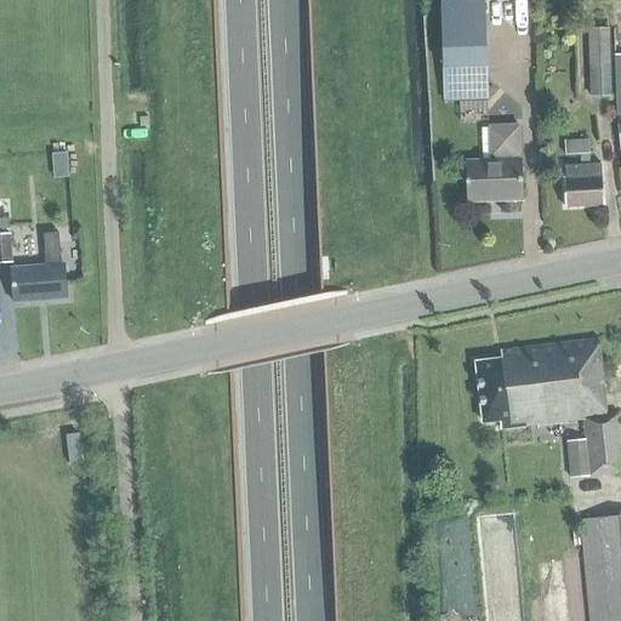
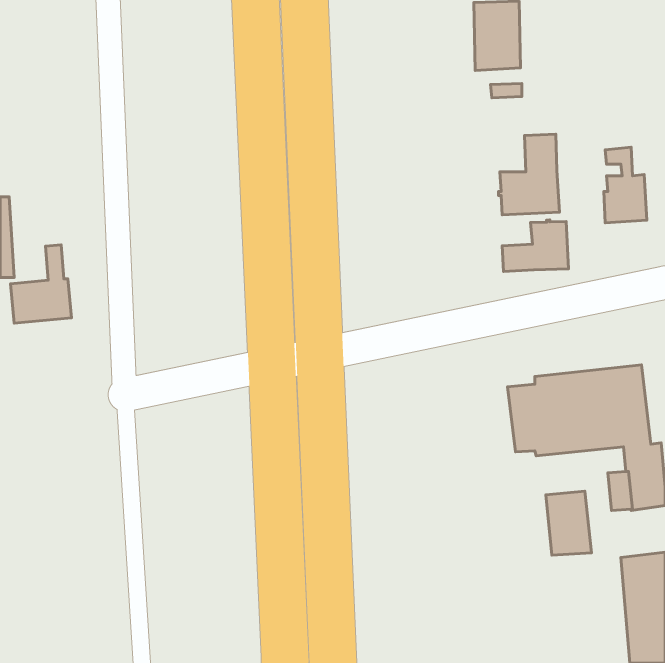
building: [587,27,611,96] -> none
building: none -> [502,220,568,272]
building: none -> [546,491,591,555]

